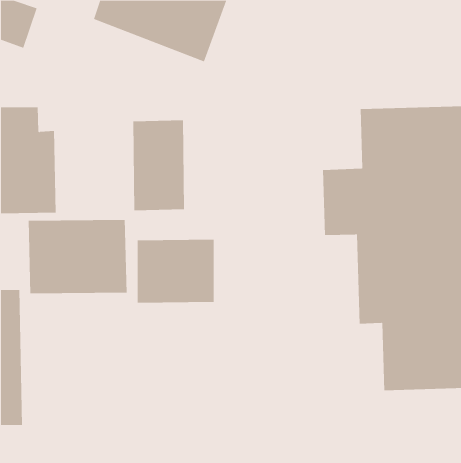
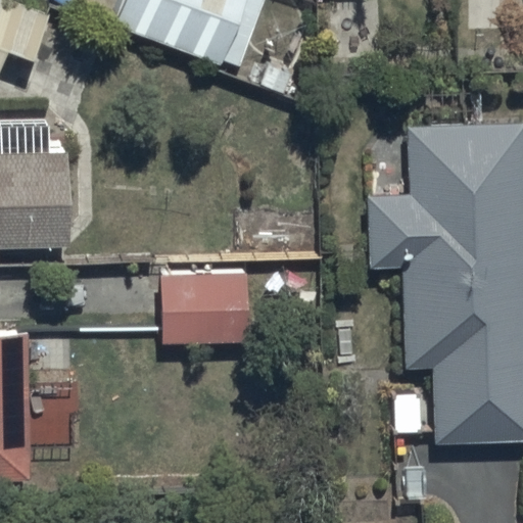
building: [133,119,185,211] -> none
building: [28,219,127,294] -> none

